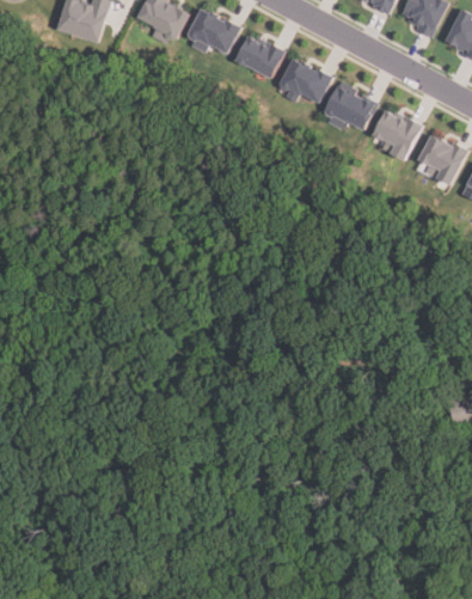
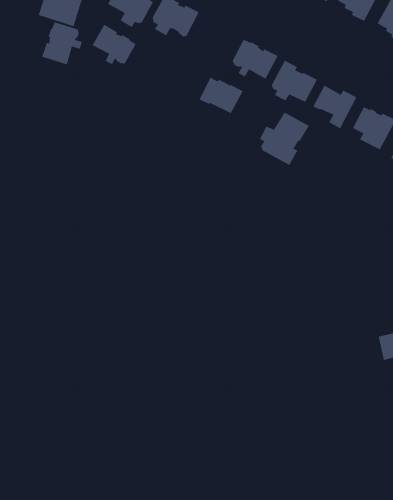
building: [233,35,284,78] -> [199,77,243,114]
building: none -> [41,21,82,65]
building: none -> [92,24,136,65]
building: none -> [259,112,310,166]

